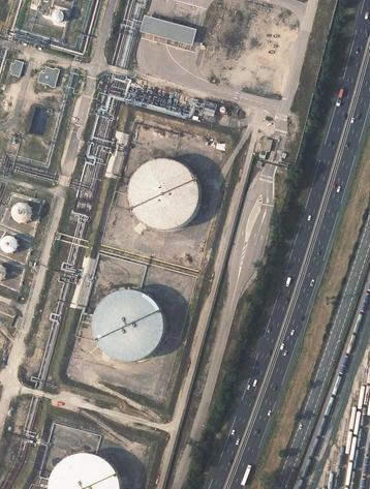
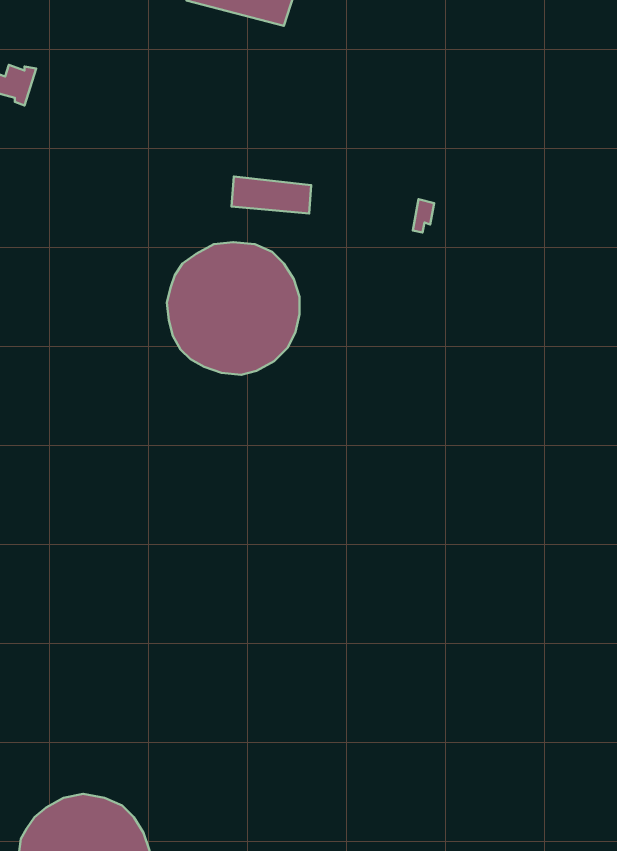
building: none -> [231,177,311,213]
building: [93,291,163,361] -> none

